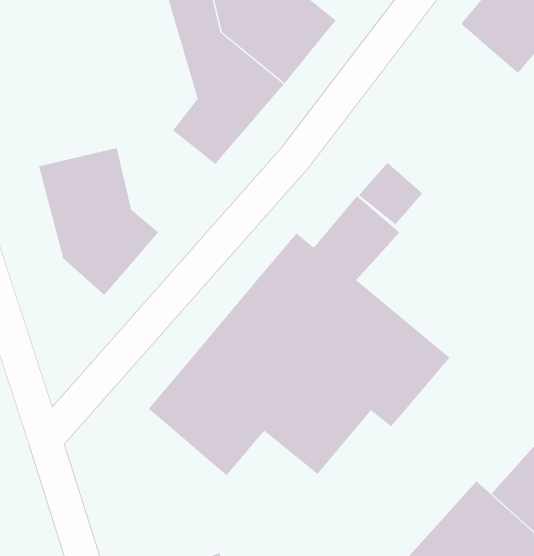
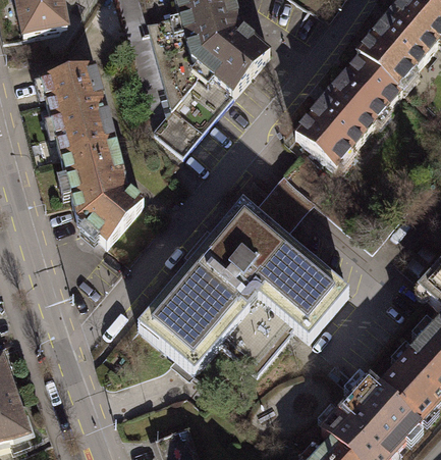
building: none -> [295,52,402,165]
building: none -> [42,62,116,151]

